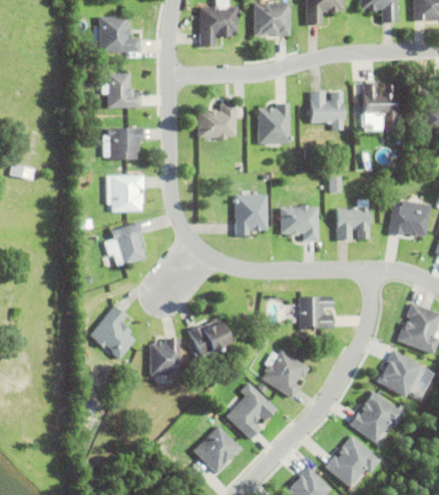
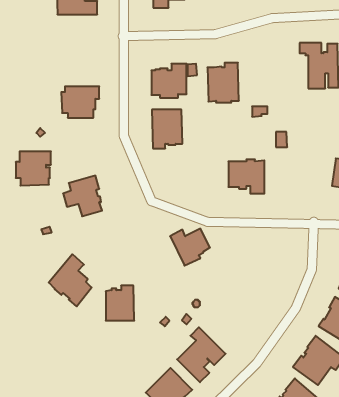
building: [102,73,141,108] -> none
building: [310,90,343,131] -> none
building: [107,176,144,212] -> [16,151,51,186]
building: [236,194,268,235] -> [152,110,182,148]
building: [337,198,369,240] -> none
building: [299,296,333,329] -> none
building: [188,324,231,363] -> [170,229,210,266]
building: [263,350,309,400] -> none

